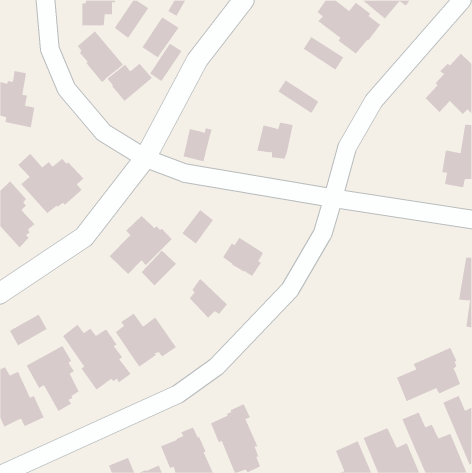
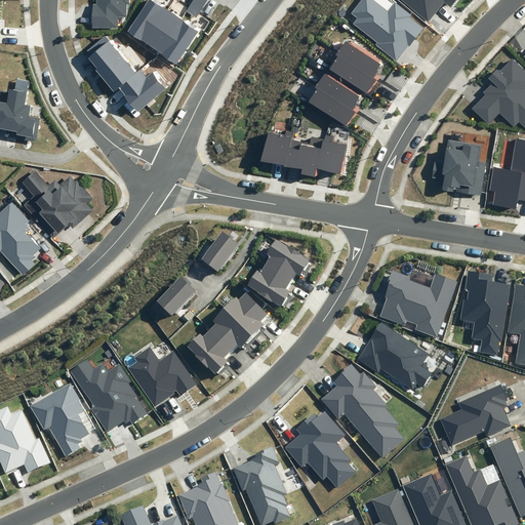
building: [149,43,182,82] -> [143,9,179,52]
building: none -> [328,55,375,93]
building: none -> [314,73,360,111]
building: none -> [319,135,345,171]
building: none -> [431,138,486,196]
building: [183,128,212,162] -> [260,129,293,167]
building: [109,215,173,275] -> none
building: none -> [265,240,309,280]
building: none -> [378,271,457,338]
building: none -> [459,272,511,355]
building: none -> [221,292,268,337]
building: none -> [357,323,432,390]
building: none -> [186,330,231,375]
building: [9,314,48,346] -> none
building: none -> [320,364,404,457]
building: none -> [284,411,355,488]

